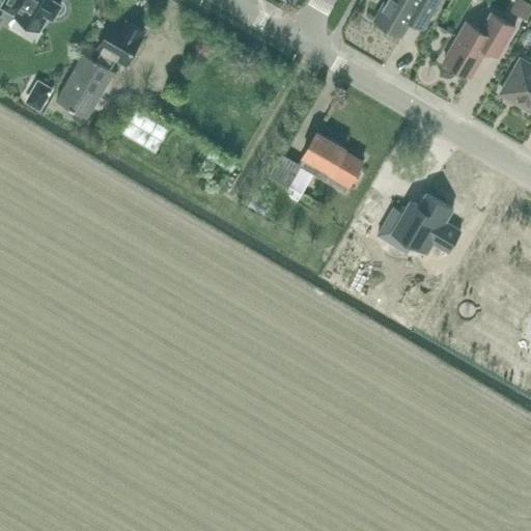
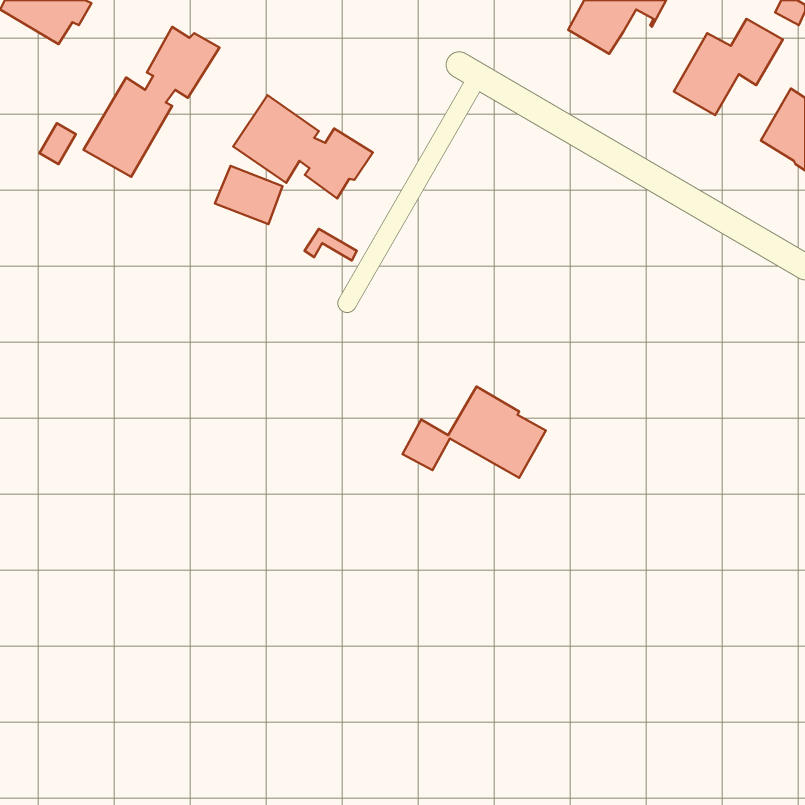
building: none -> [233,95,373,199]
building: [268,132,362,192] -> [402,386,546,478]
building: [383,195,464,255] -> none

